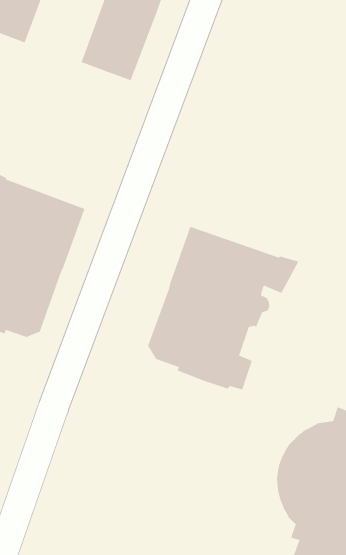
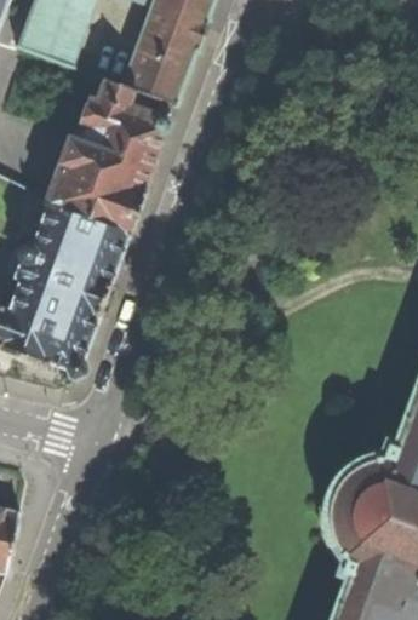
building: none -> [45,80,167,235]
building: [147,226,300,390] -> none

